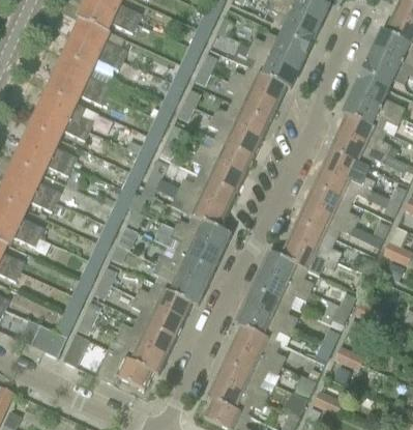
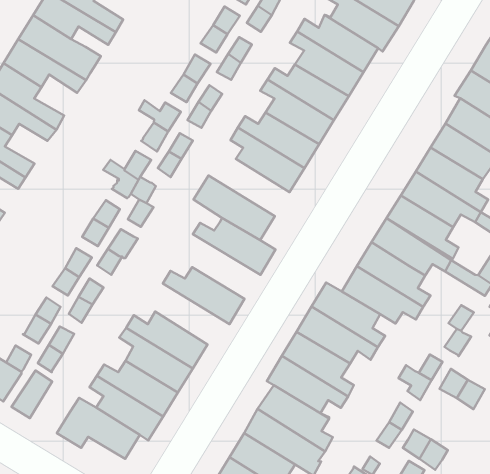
building: [179,173,236,209] -> none
building: [170,228,223,268] -> none
building: [153,264,205,305] -> none

